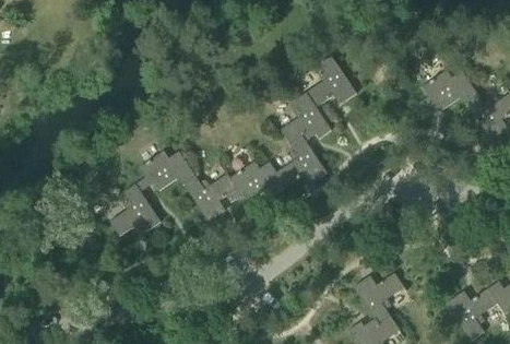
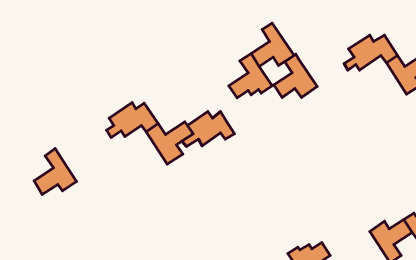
building: [276,135,328,187] -> [274,54,317,98]
building: [109,182,159,237] -> [34,148,76,195]
building: [353,273,404,323] -> none

